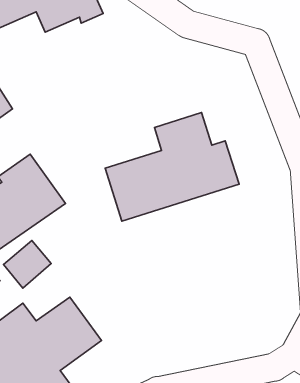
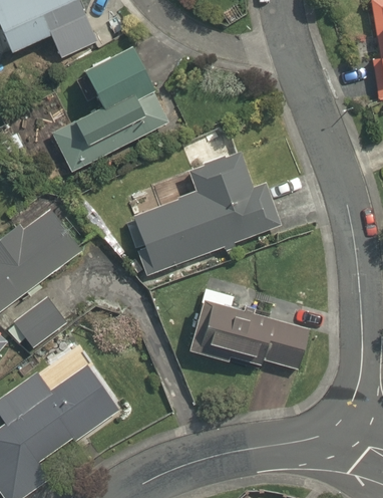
building: none -> [53,38,173,173]
building: none -> [188,300,310,370]

